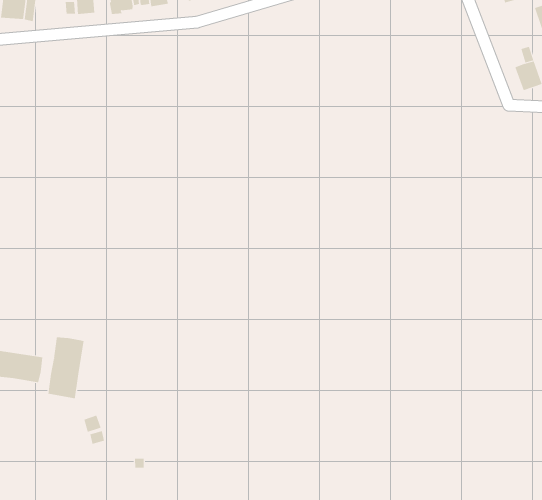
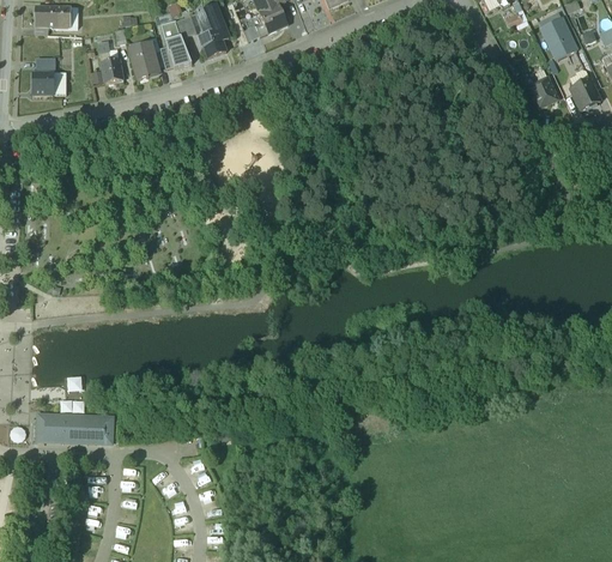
building: [48,336,84,399] -> none

